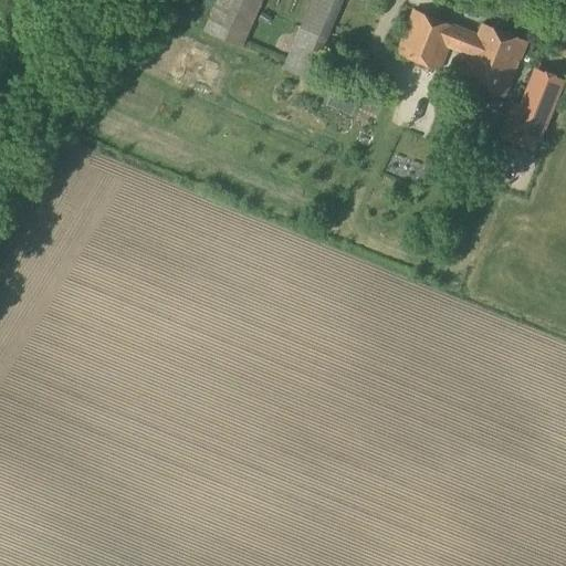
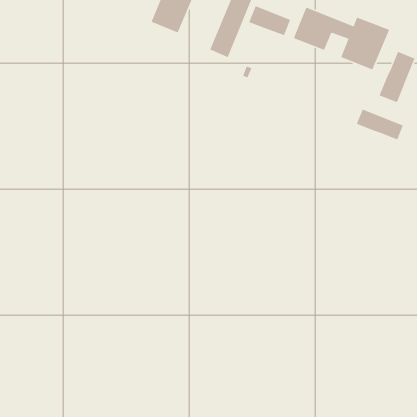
building: none -> [248,5,291,36]
building: none -> [356,108,404,141]

